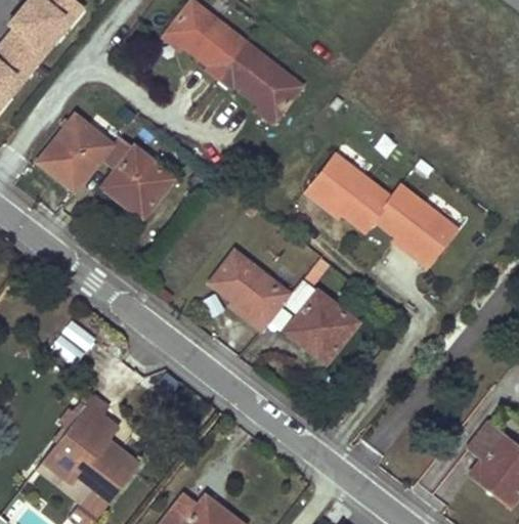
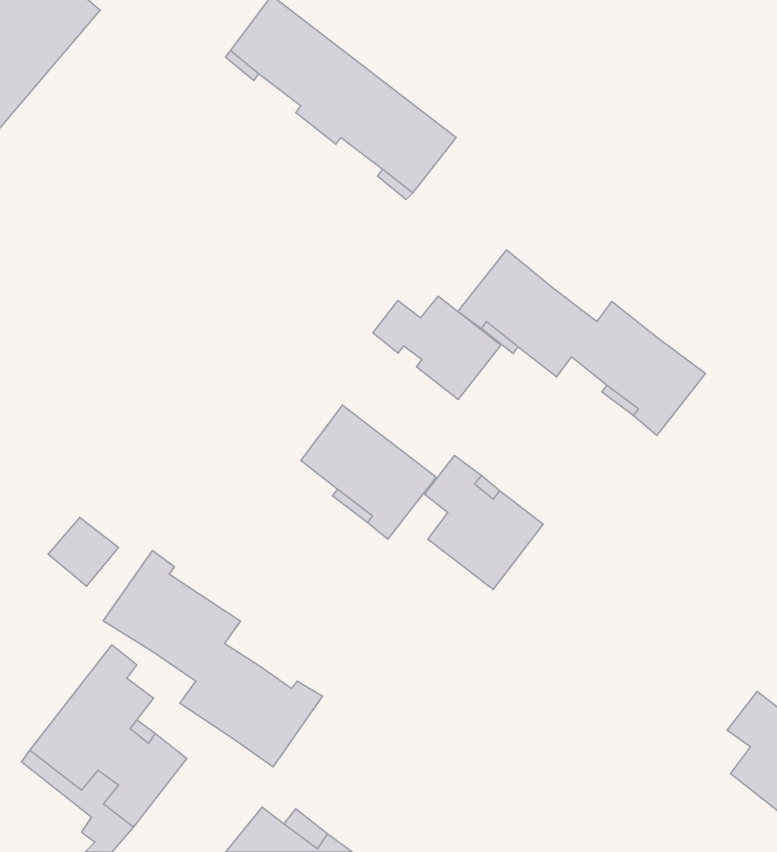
building: [39,114,174,217] -> none
building: none -> [373,296,501,400]
building: none -> [103,550,322,767]

